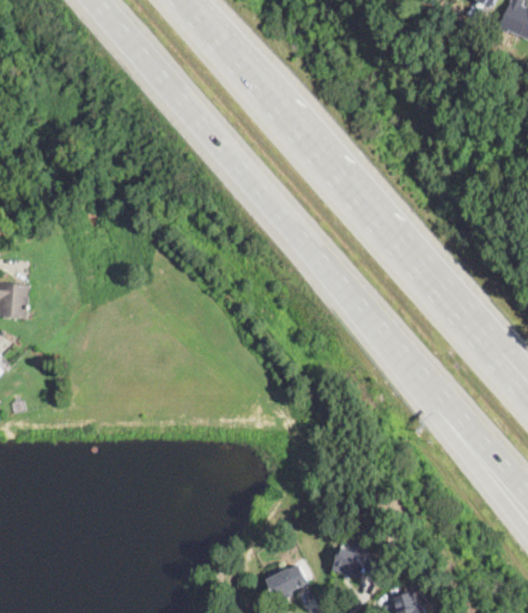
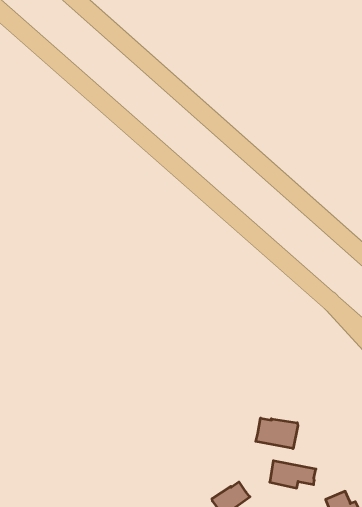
building: none -> [256,418,298,449]

